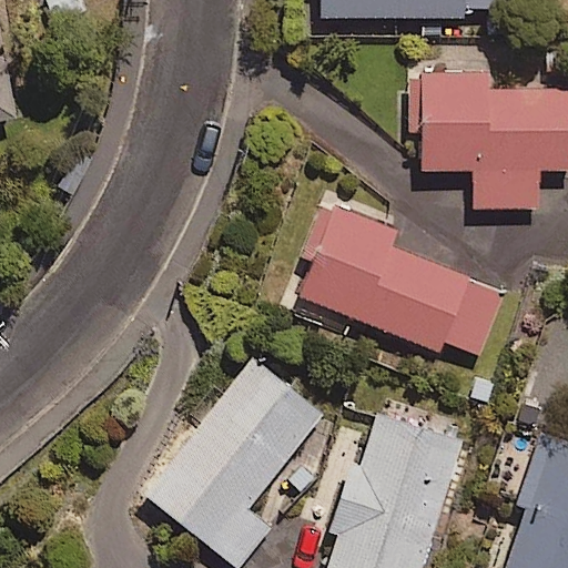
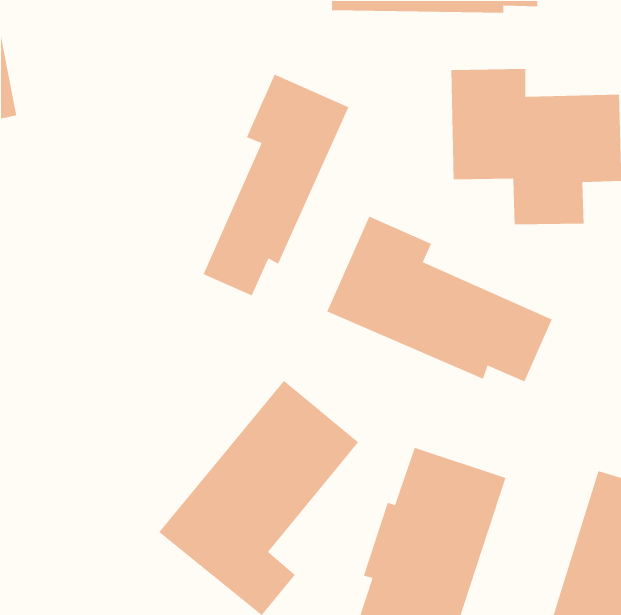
building: none -> [203,73,350,296]

